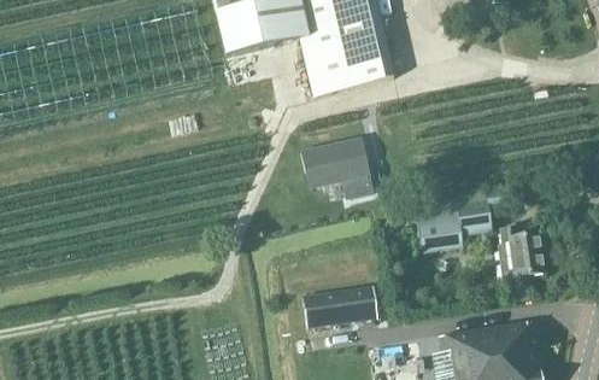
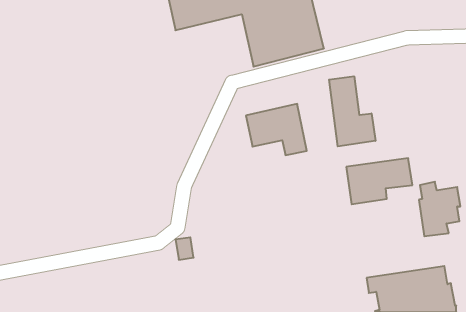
building: none -> [329,76,375,146]
building: [304,285,378,326] -> none

